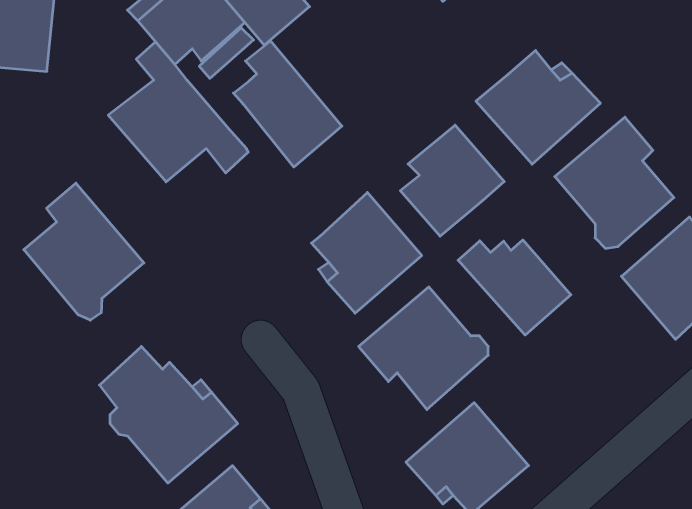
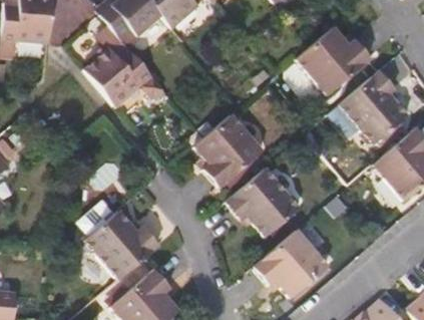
building: [233,41,342,167] -> none
building: [400,125,504,236] -> none
building: [24,183,144,320] -> none
building: [458,240,571,335] -> none

